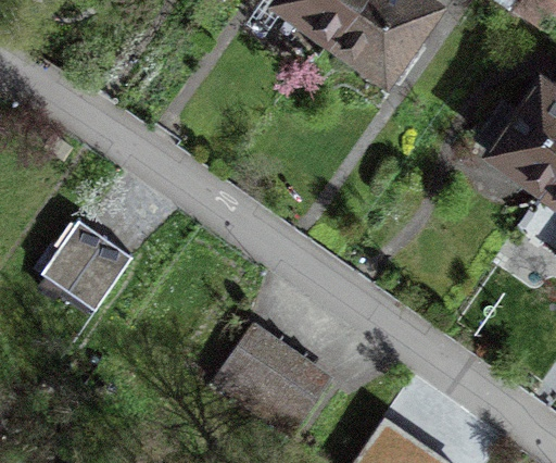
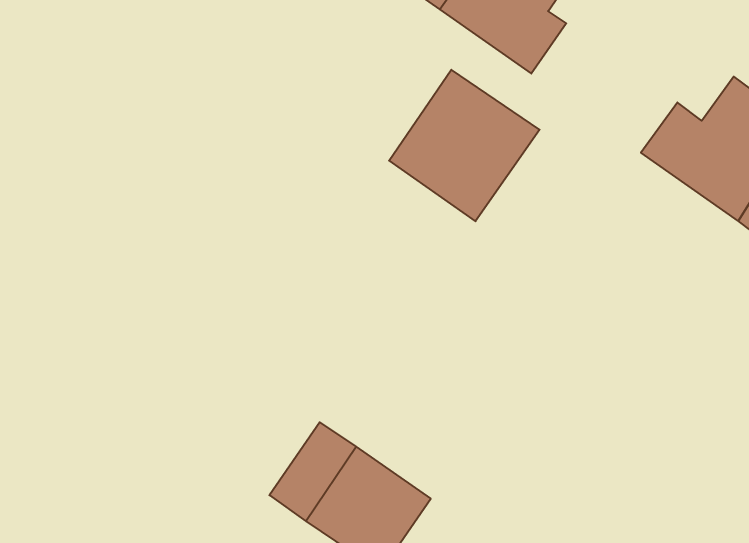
building: none -> [389,70,540,221]
building: [40,221,132,312] -> none

